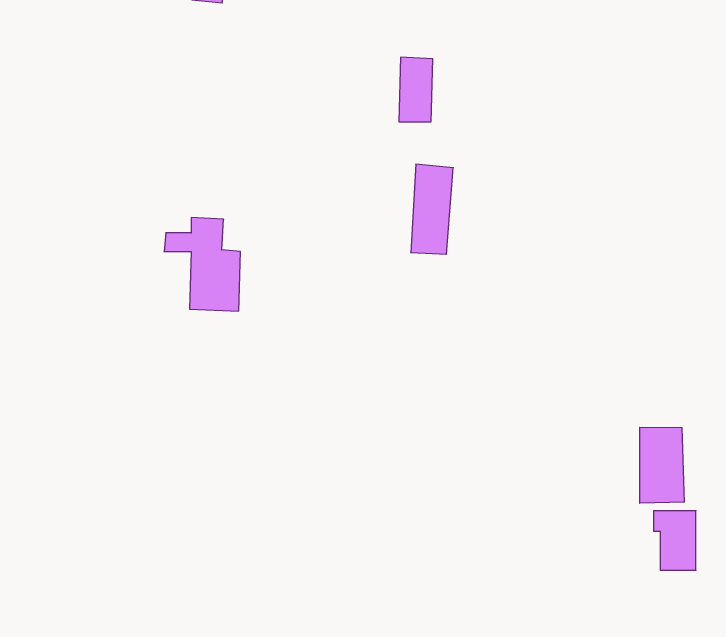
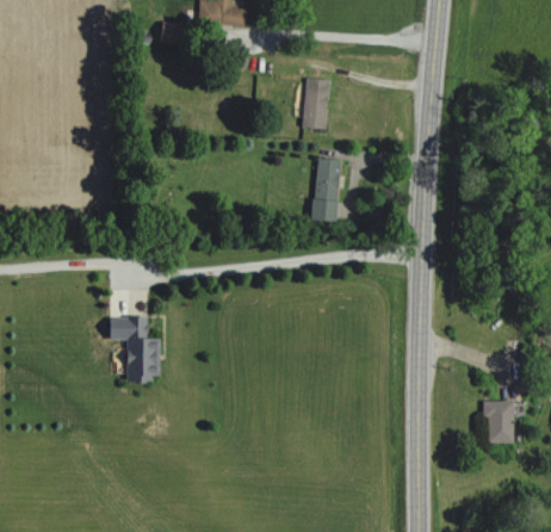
building: [164,218,240,311] -> [107,315,161,381]
building: [640,427,684,503] -> none

